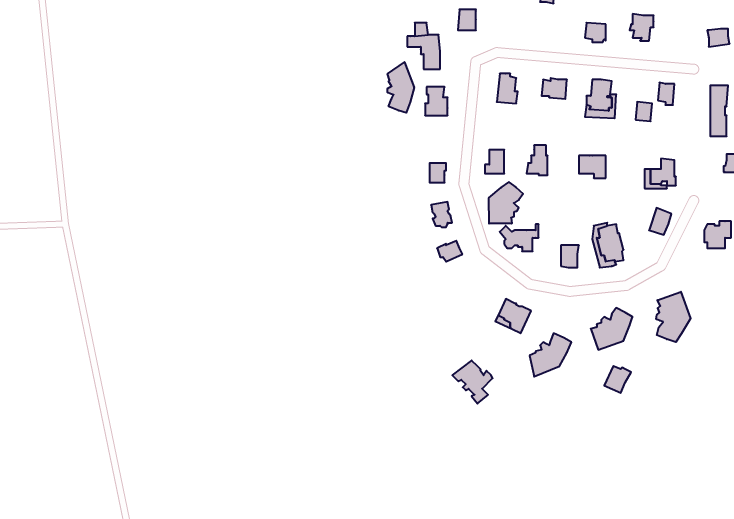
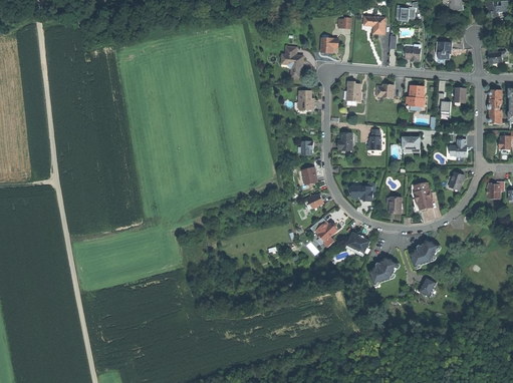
building: [388,62,414,113] -> none
building: [489,182,523,224] -> none
building: [656,292,691,342] -> none
building: [452,360,493,404] -> [309,218,336,247]

